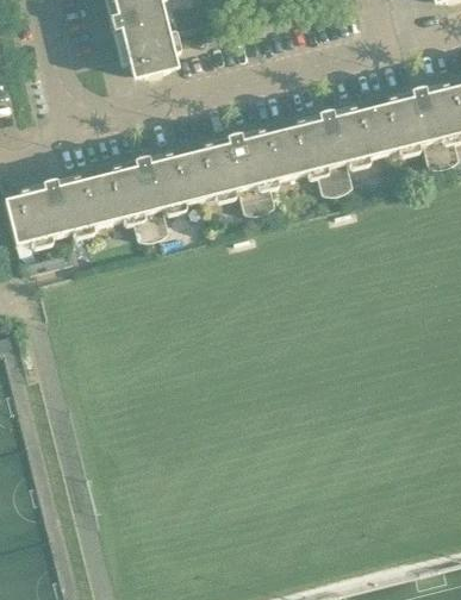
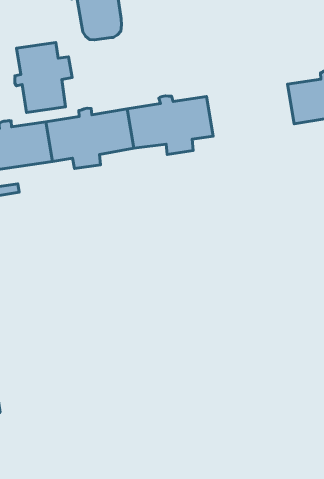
building: none -> [15,42,72,113]
building: [279,106,384,181] -> none

